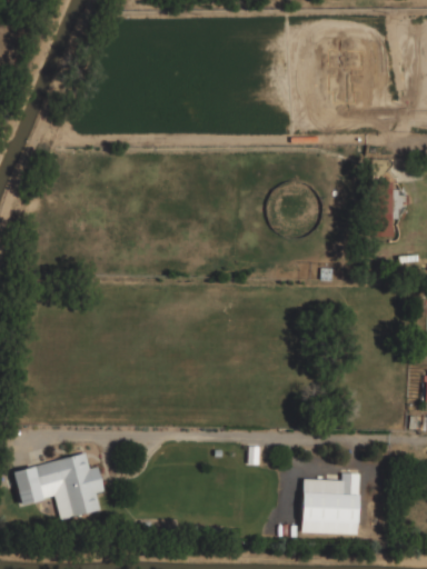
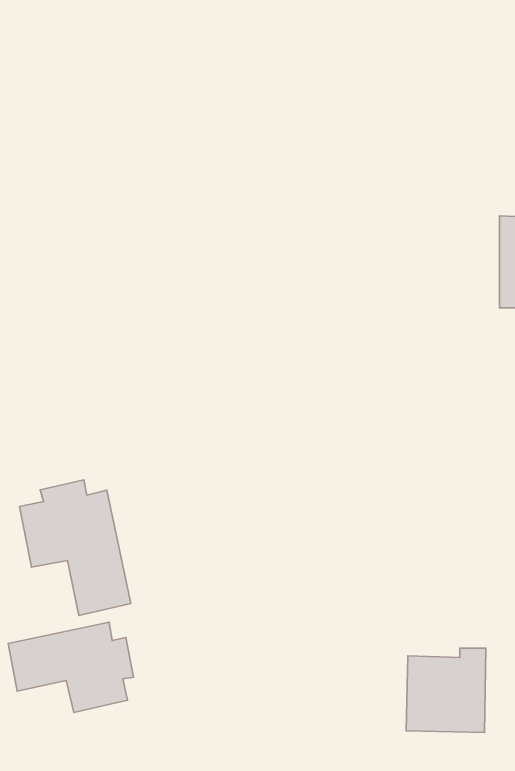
building: none -> [20,480,131,616]

